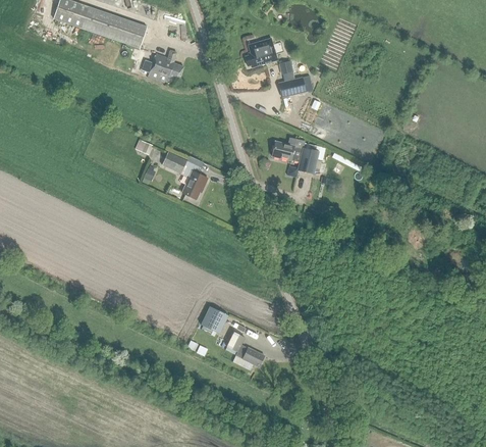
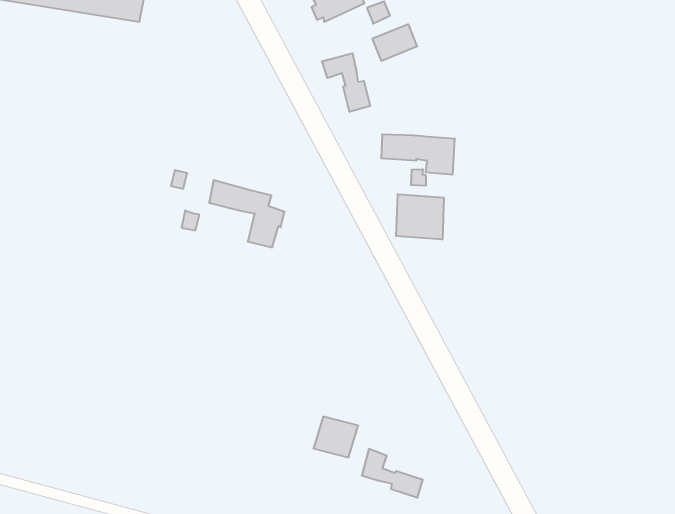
building: [147,49,183,83] -> none
building: none -> [322,53,370,112]
building: none -> [396,194,444,240]

